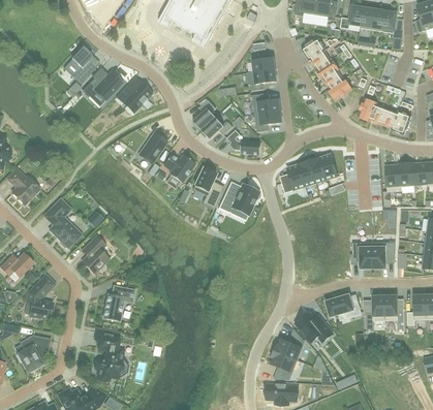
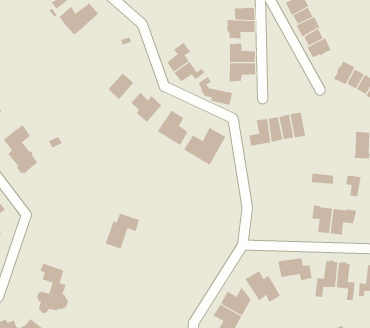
building: [119,82,151,108] -> none
building: [81,235,107,273] -> none
building: [102,285,133,320] -> [105,213,140,249]

